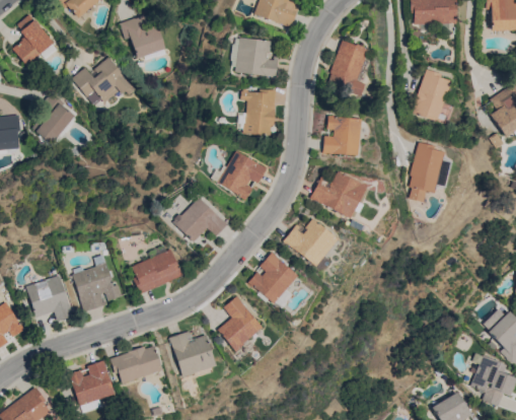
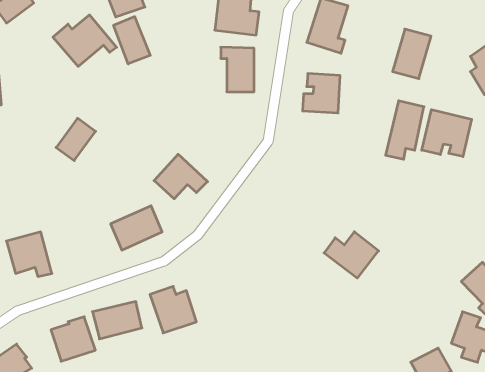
building: none -> [114,17,150,64]
building: [34,101,74,144] -> [56,118,96,161]
building: [218,151,267,198] -> none
building: none -> [422,110,472,157]
building: [310,170,366,218] -> none
building: [283,219,338,266] -> [324,232,379,278]
building: [247,252,298,303] -> none
building: [72,263,122,310] -> none
building: [217,295,262,350] -> none

